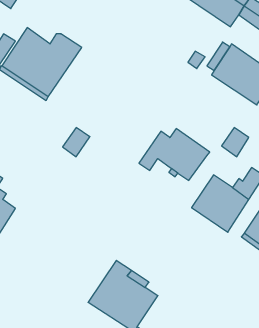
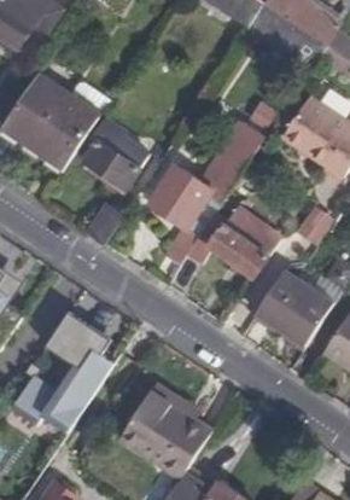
building: none -> [84,117,148,188]
building: none -> [148,122,264,264]
building: none -> [16,316,113,417]

